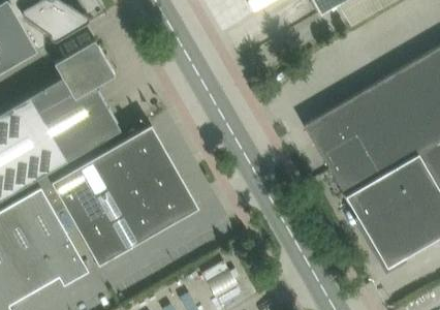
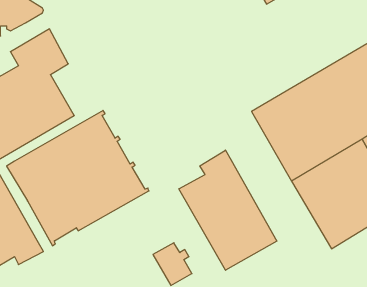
building: none -> [179,150,277,270]

